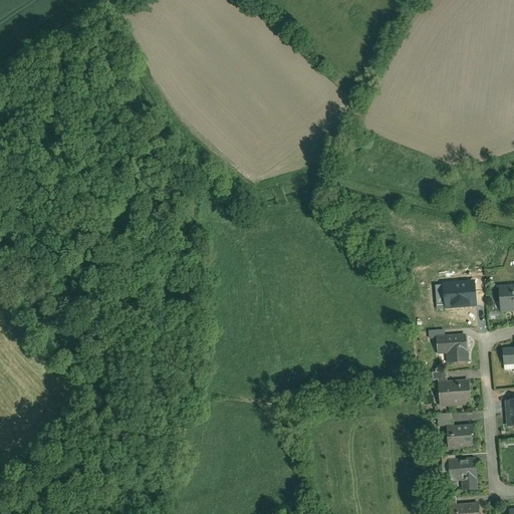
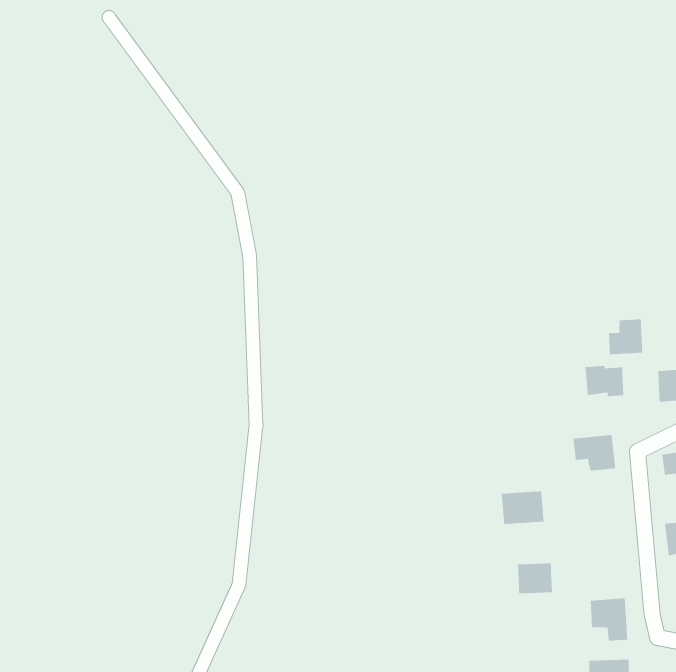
building: none -> [608,318,643,355]
building: [438,378,471,405] -> [501,490,545,525]
building: [446,424,473,448] -> [517,562,553,594]

